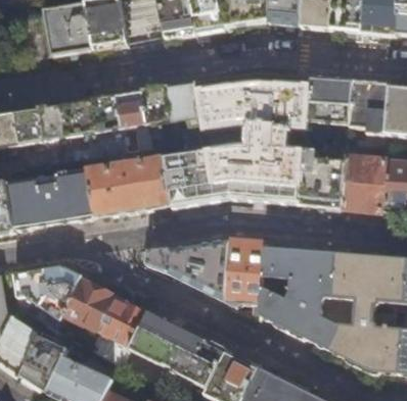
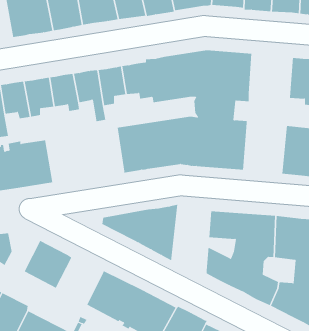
building: [305,77,351,123] -> none
building: [299,151,345,206] -> none
building: [85,156,169,215] -> none
building: [221,239,263,310] -> none
building: [41,266,80,316] -> none
building: [96,296,146,347] -> none

